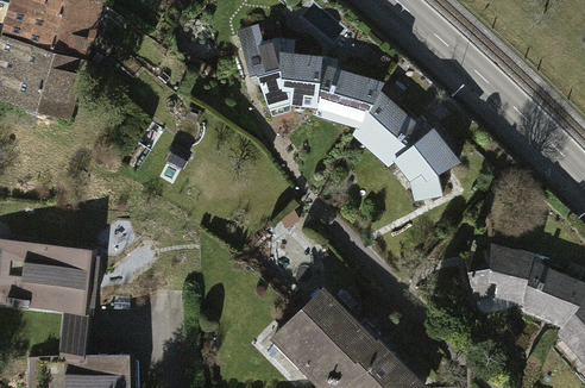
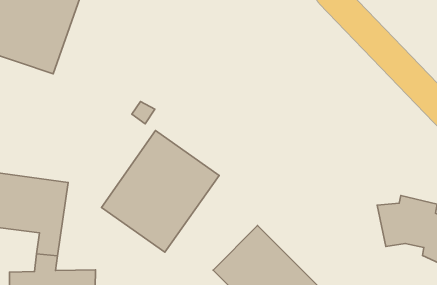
building: [237,29,463,205] -> none
building: none -> [101,130,219,252]

